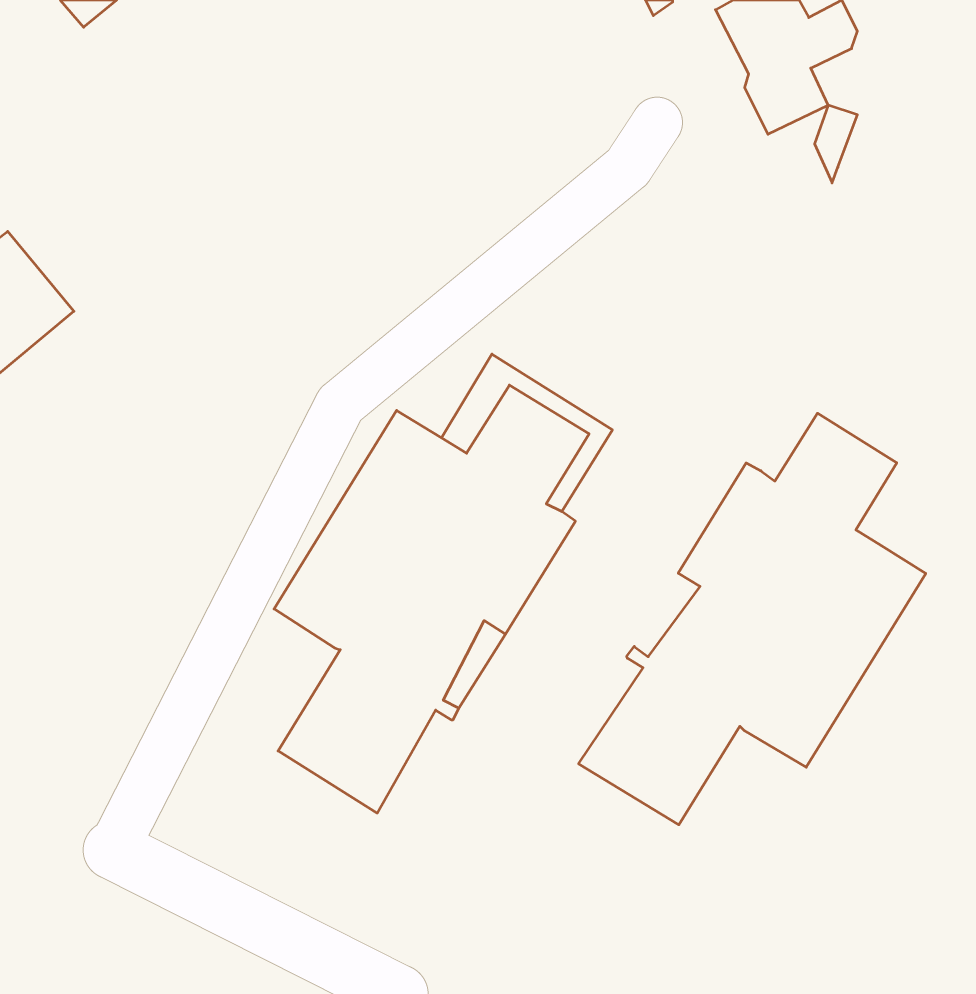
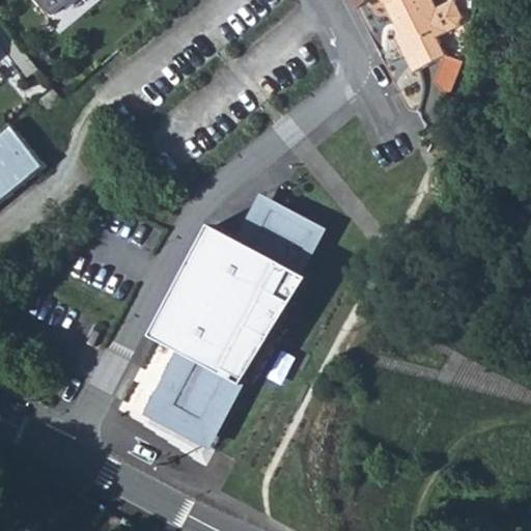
building: [579,413,926,825] -> none
building: none -> [138,345,241,447]

